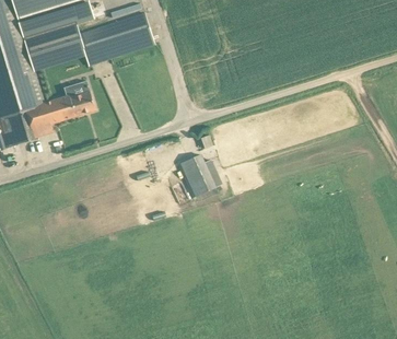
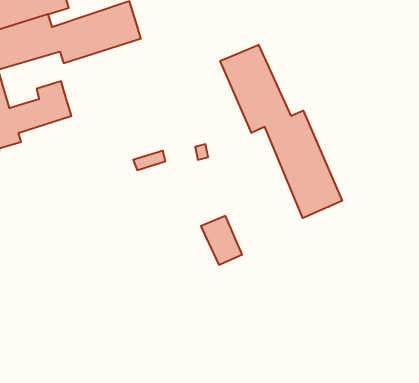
building: none -> [220,45,342,218]
building: [179,154,214,196] -> [201,216,242,265]

